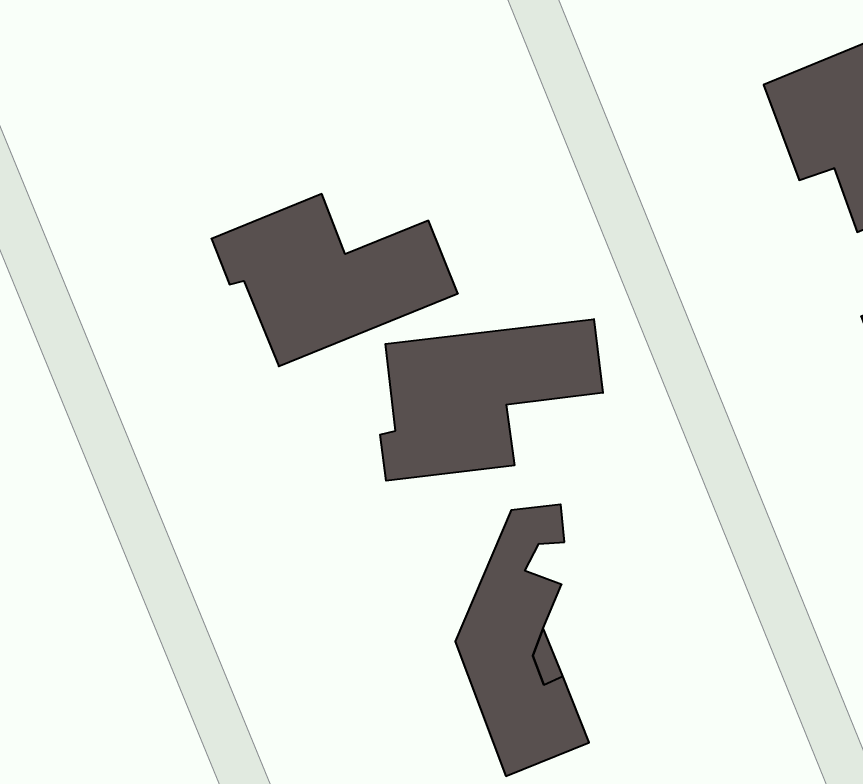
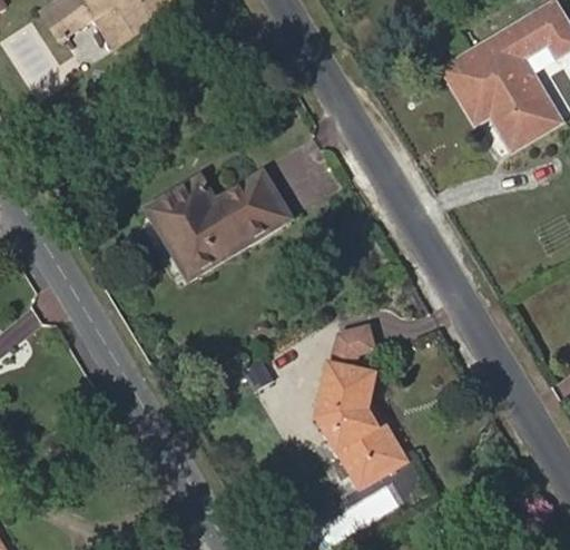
building: [380,319,603,481] -> none

